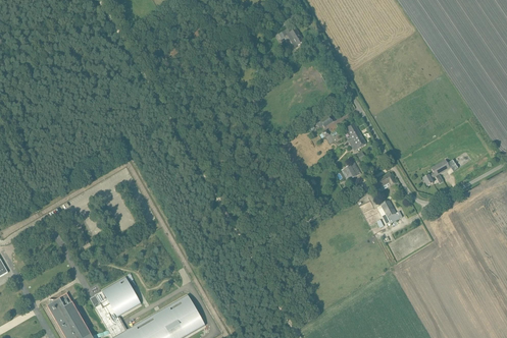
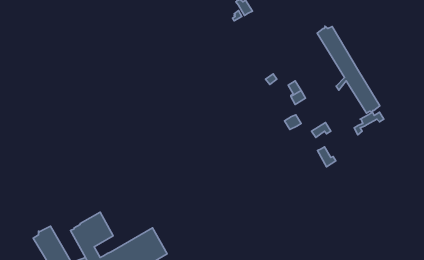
building: none -> [317,26,380,113]

